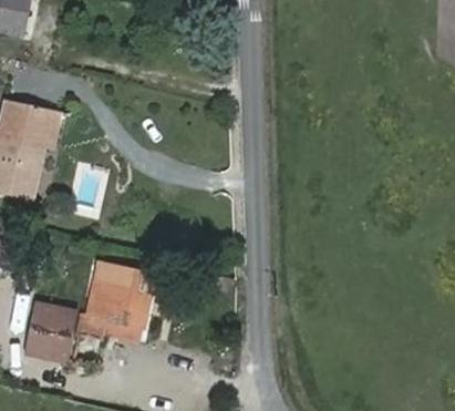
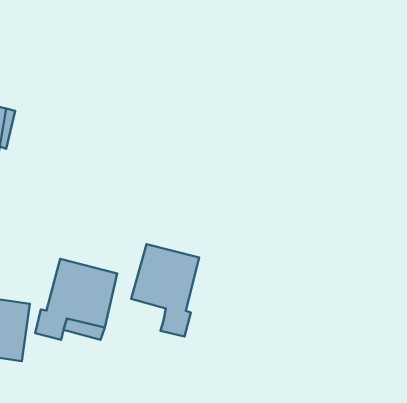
building: none -> [131,244,199,337]

